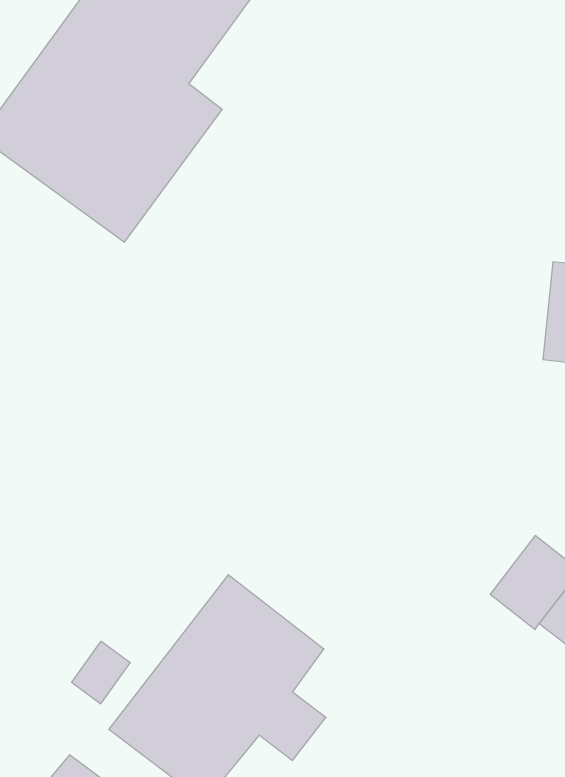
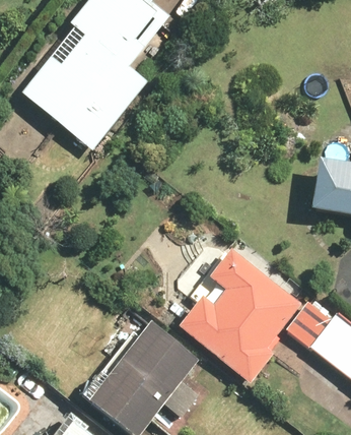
building: none -> [180,248,302,382]

